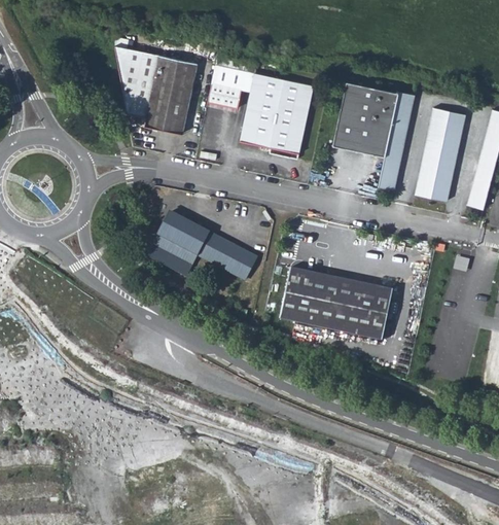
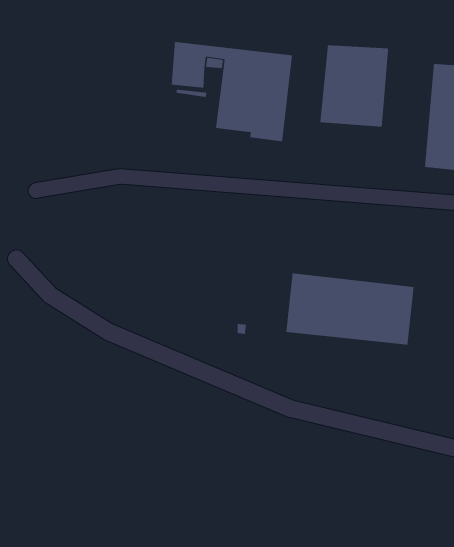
building: [116,46,198,134] -> none
building: [377,92,413,189] -> none
building: [153,211,258,279] -> none

